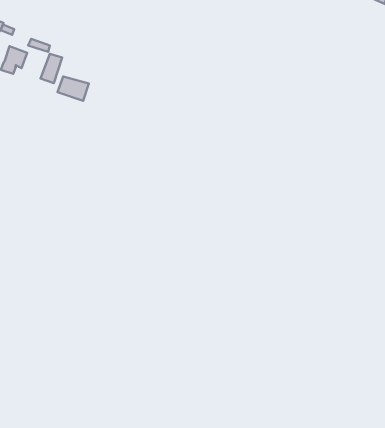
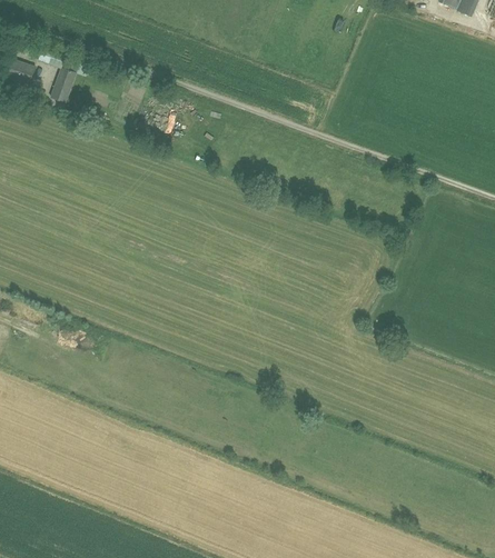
building: [58,77,89,101] -> none

